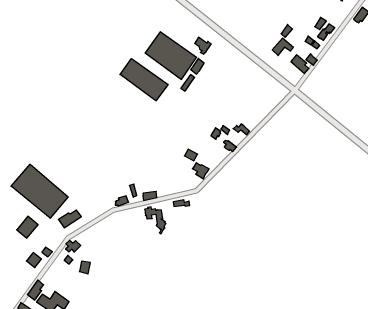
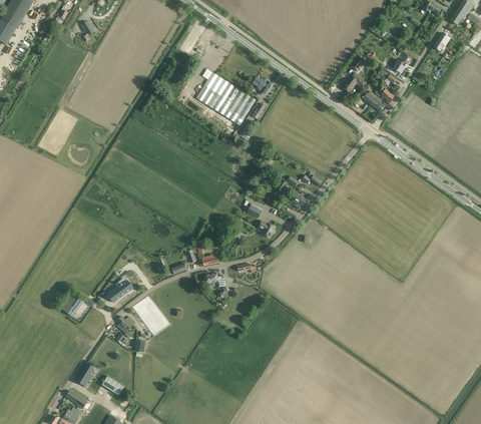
building: [120,59,168,101] -> none
building: [11,164,68,218] -> none

